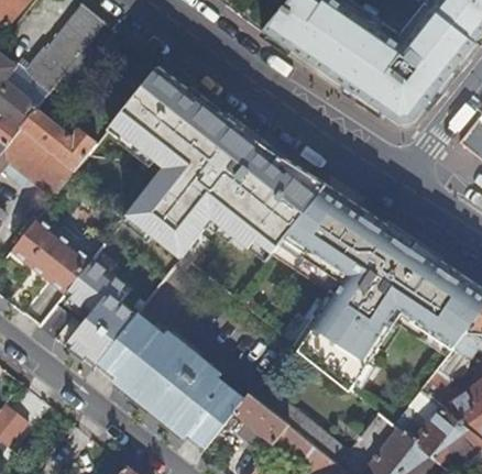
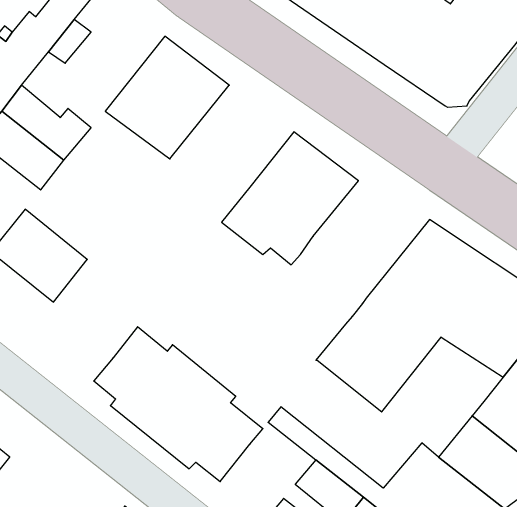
building: [127,108,269,256] -> none
building: [274,185,384,289] -> none
building: [54,256,135,367] -> none
building: [231,395,287,450] -> none

